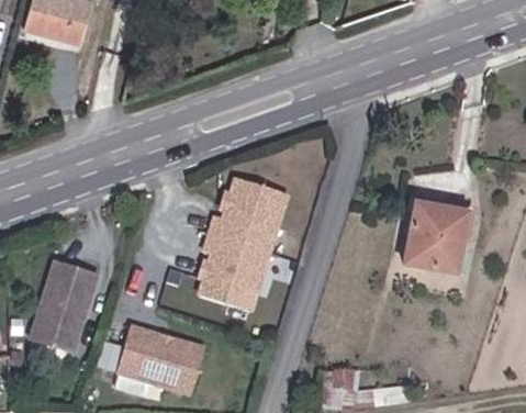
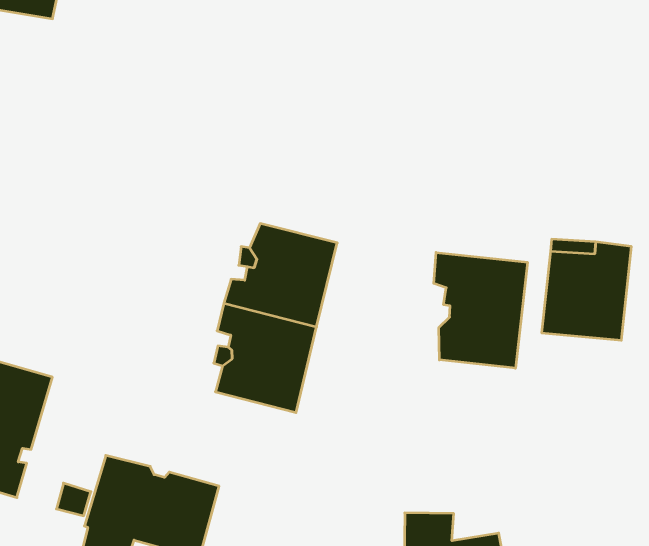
building: none -> [434,252,527,368]

